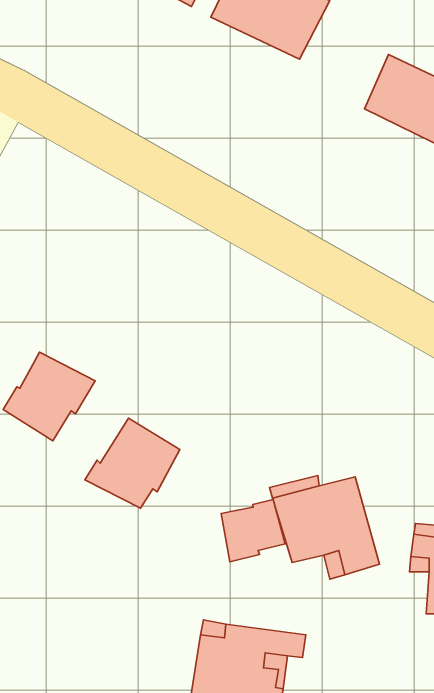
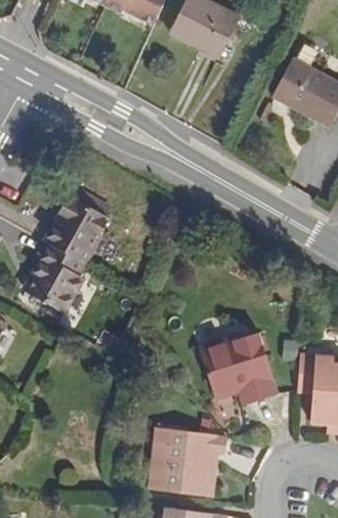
building: [85,418,180,508] -> [44,206,109,267]
building: [221,500,285,562] -> none

